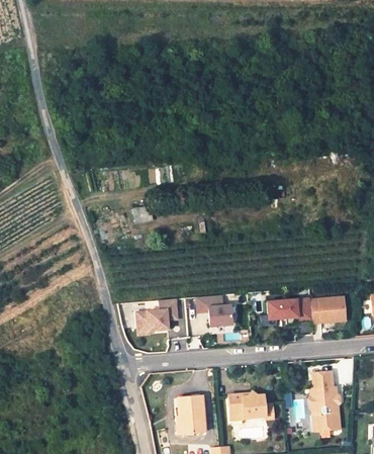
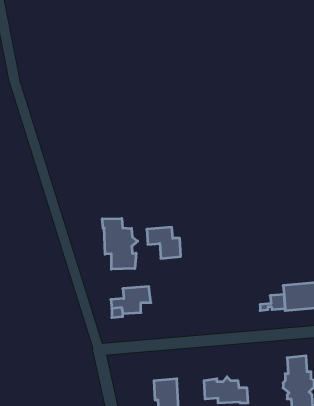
building: none -> [102,218,138,269]
building: [195,296,229,328] -> [147,227,181,258]
building: [267,299,310,320] -> none

